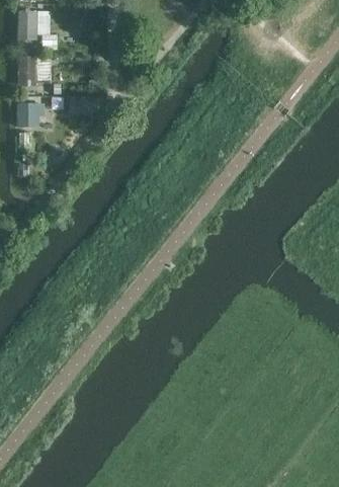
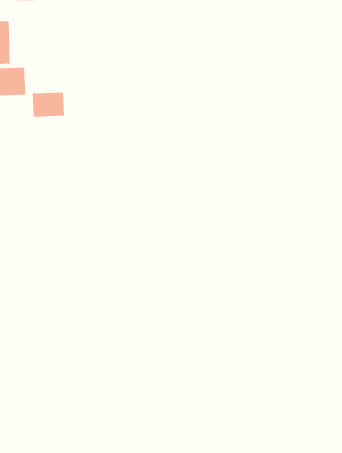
building: none -> [32,92,65,117]

